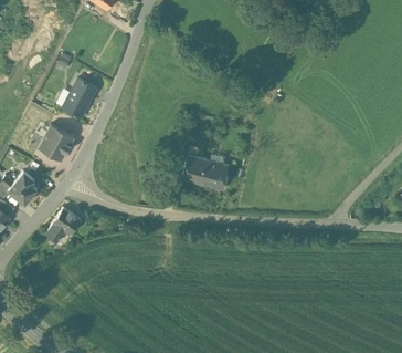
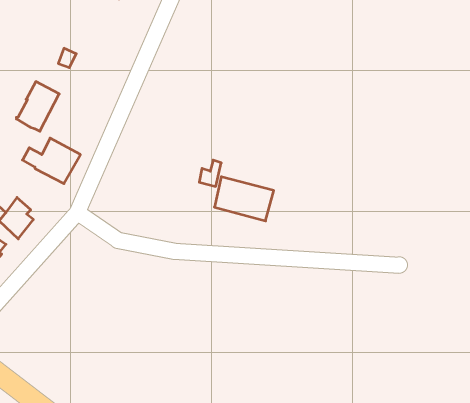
building: [63,77,97,117] -> [16,82,59,131]
building: [46,207,82,242] -> none

